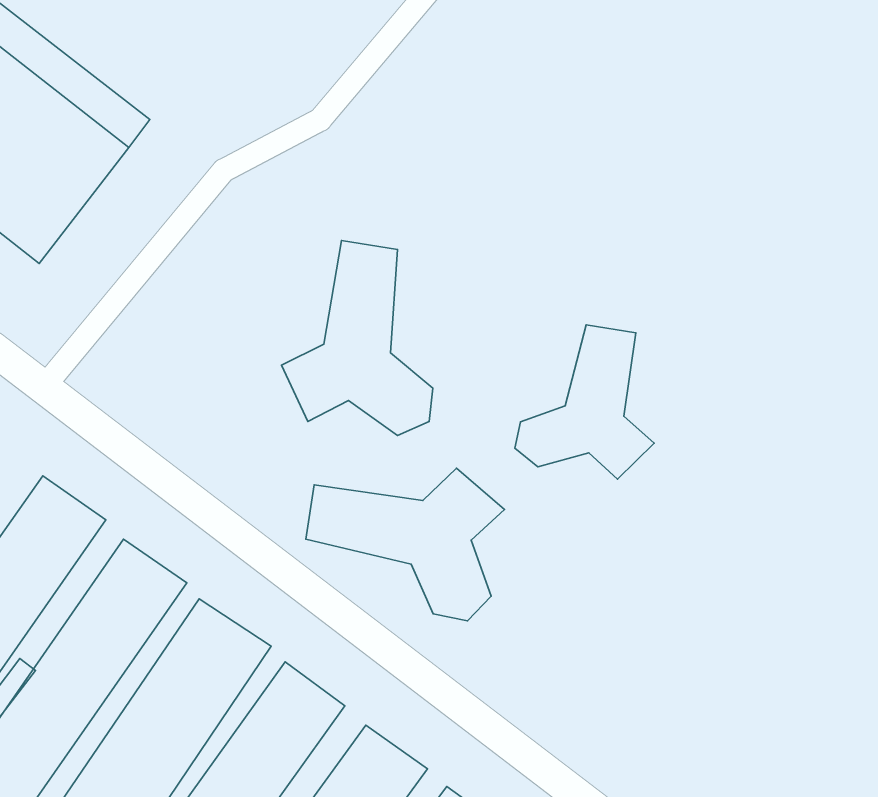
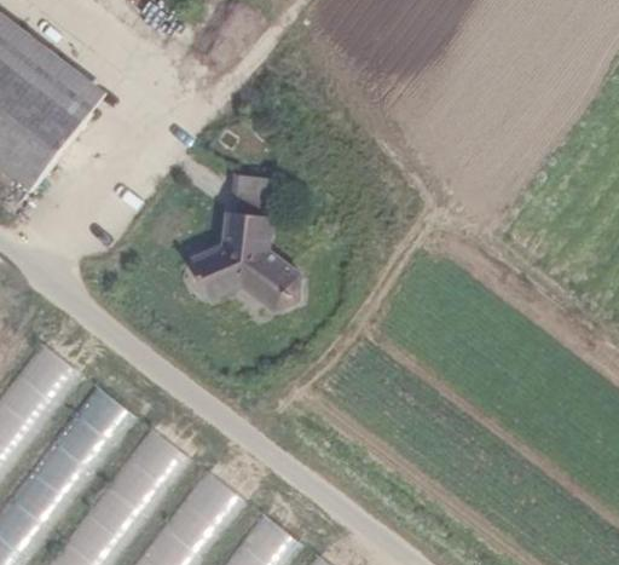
building: [515,325,654,479] -> none
building: [306,468,504,621] -> none

